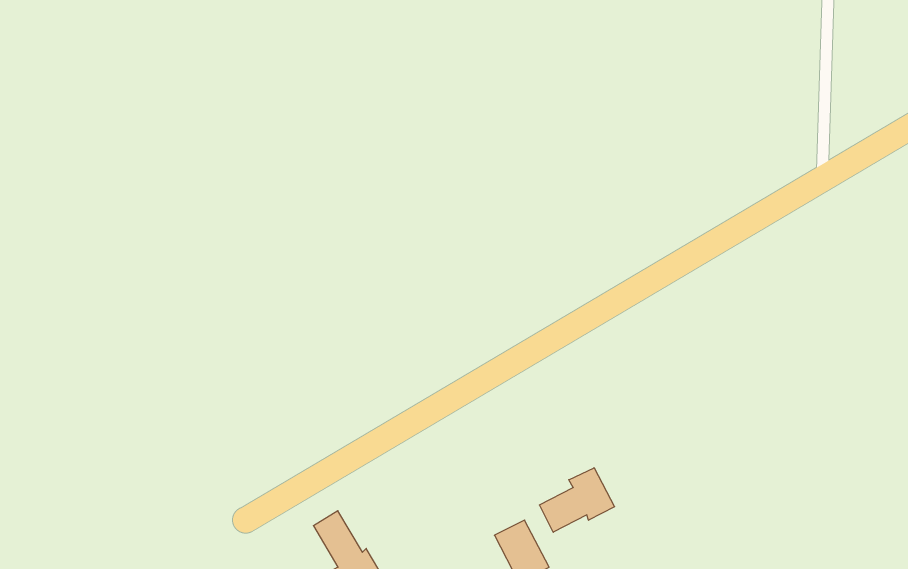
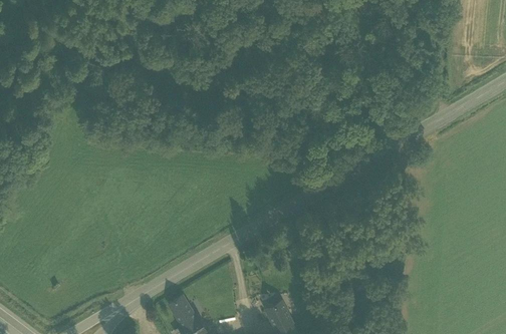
building: [539,468,615,532] -> none

